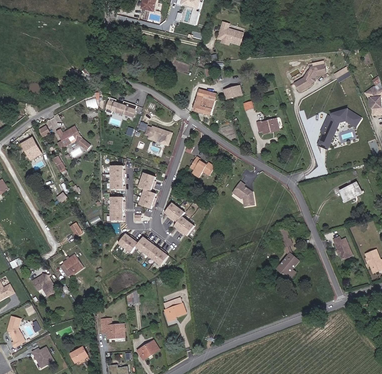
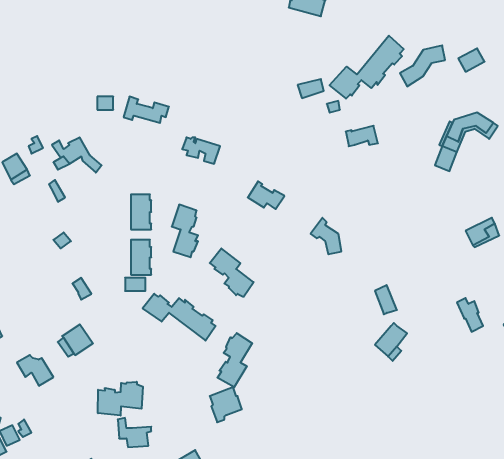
building: none -> [330,36,404,99]
building: [192,89,216,115] -> none
building: none -> [217,333,252,387]
building: none -> [98,382,143,416]

